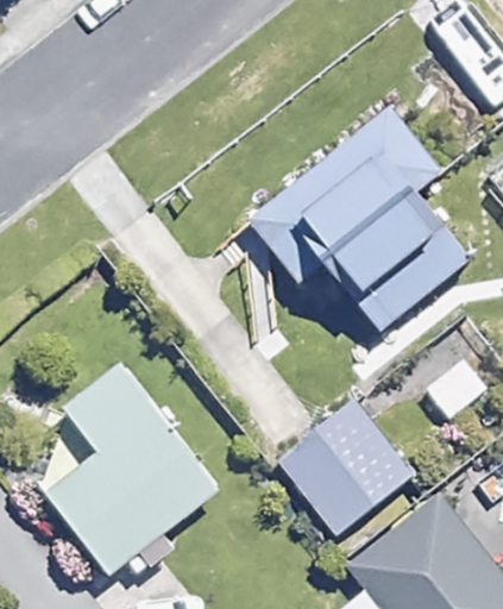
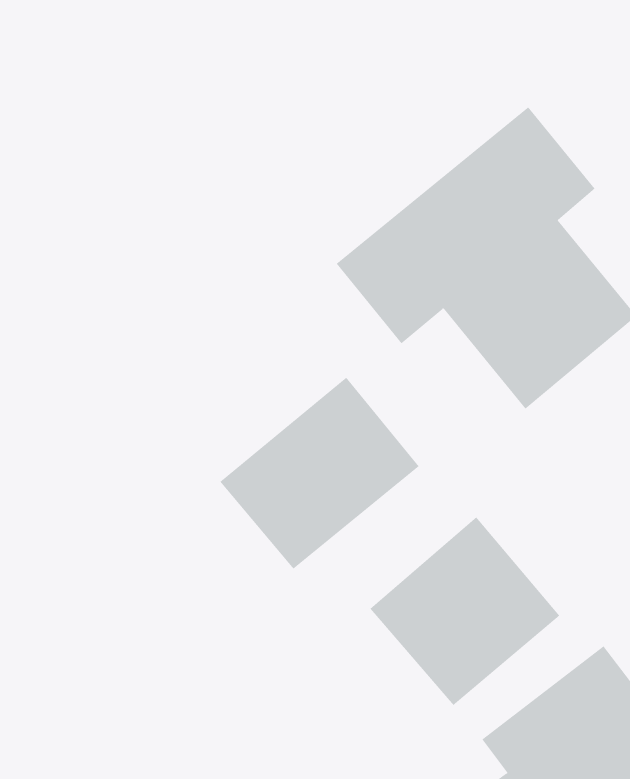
building: none -> [219,377,419,570]
building: [42,363,219,577] -> none

